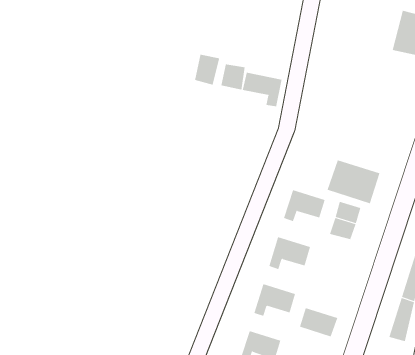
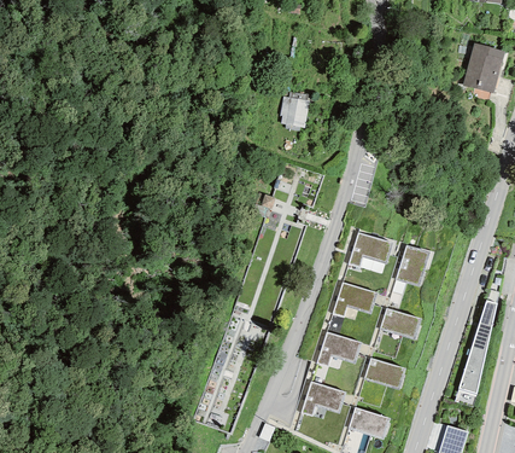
building: [195,54,220,86] -> none
building: [242,72,282,107] -> none
building: [327,160,380,204] -> none
building: none -> [379,308,420,339]

